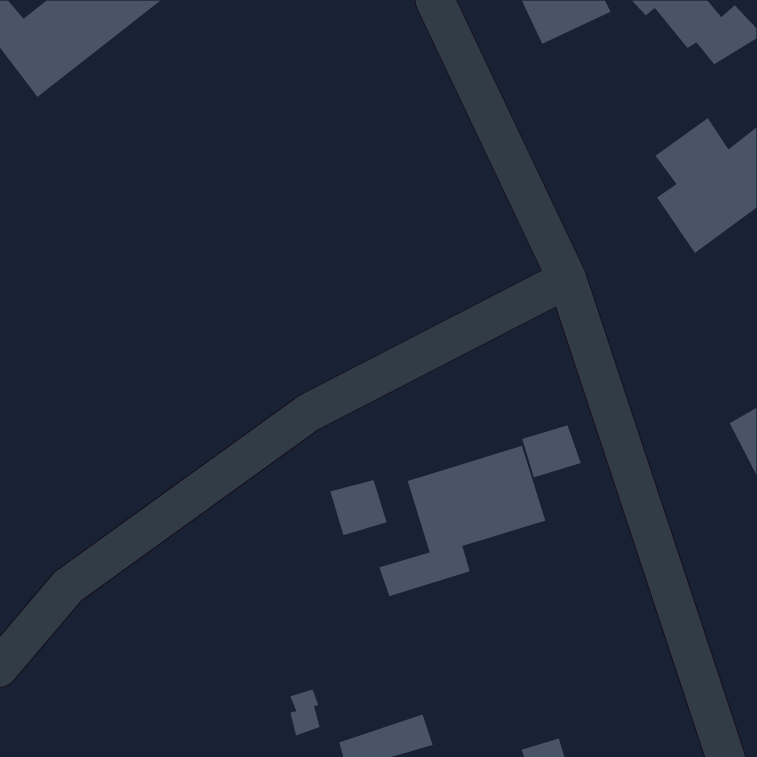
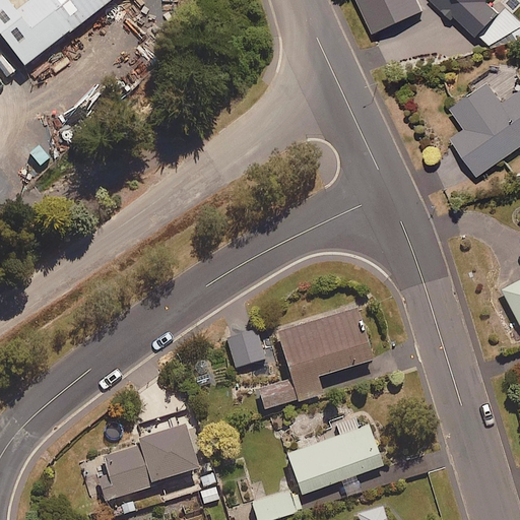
building: [521,424,582,478] -> none
building: none -> [286,414,385,495]
building: none -> [98,420,199,514]

